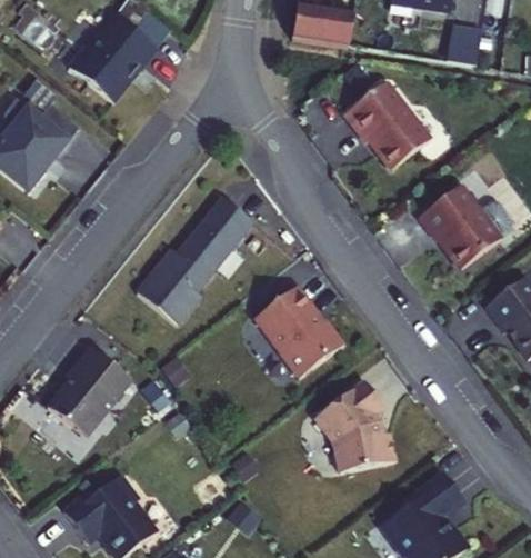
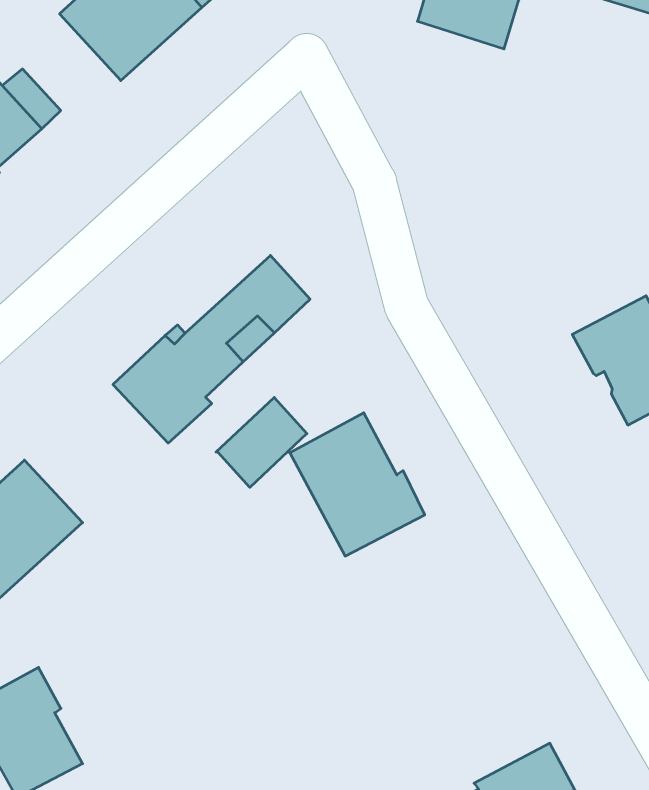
building: [344,81,431,168] -> none
building: none -> [216,397,307,487]
building: [314,380,394,471] -> none

